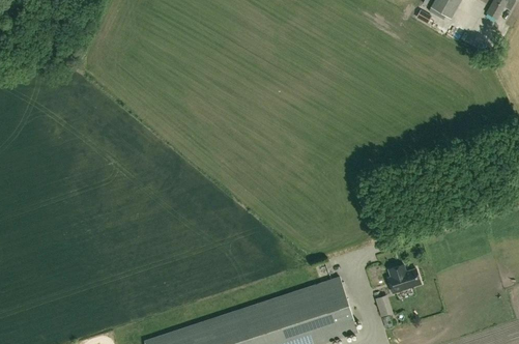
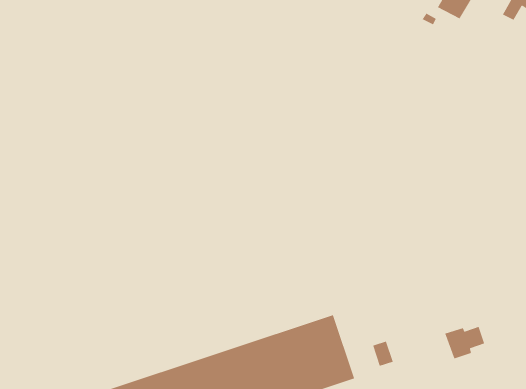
building: [384,267,420,296] -> [444,326,485,360]

